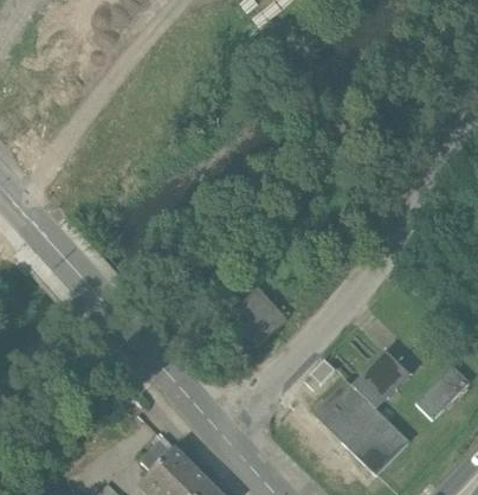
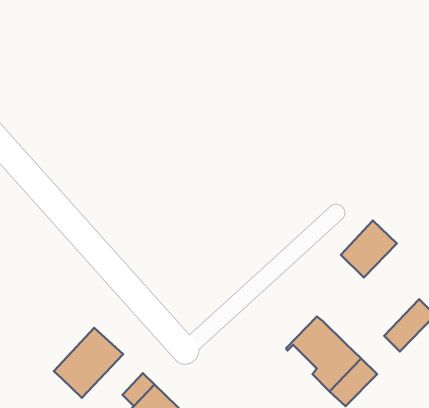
building: [228,289,286,348] -> none
building: [350,349,408,409] -> [341,221,397,277]
building: none -> [54,328,123,398]

